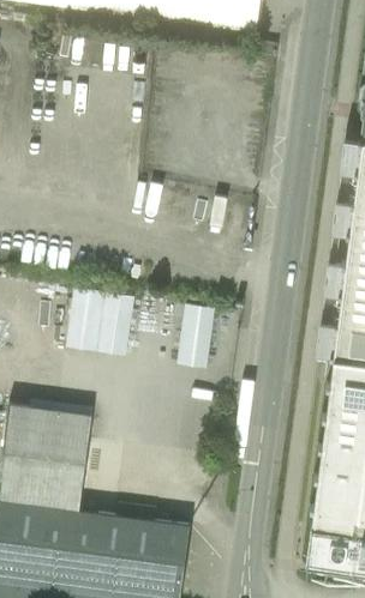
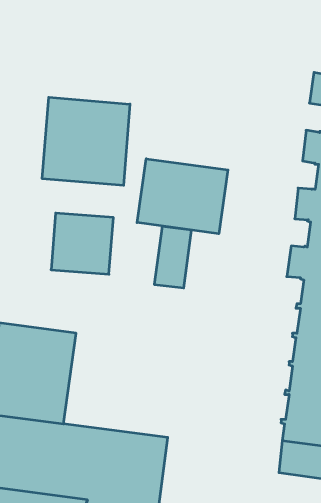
building: none -> [42,97,130,185]
building: none -> [137,159,228,234]

